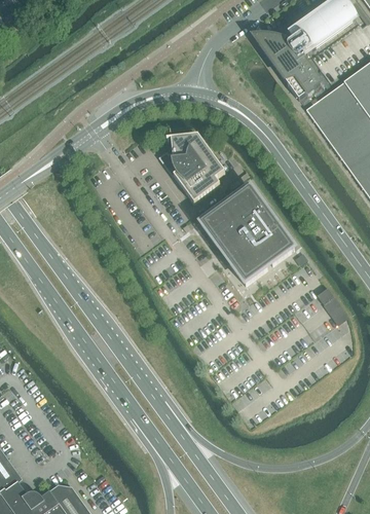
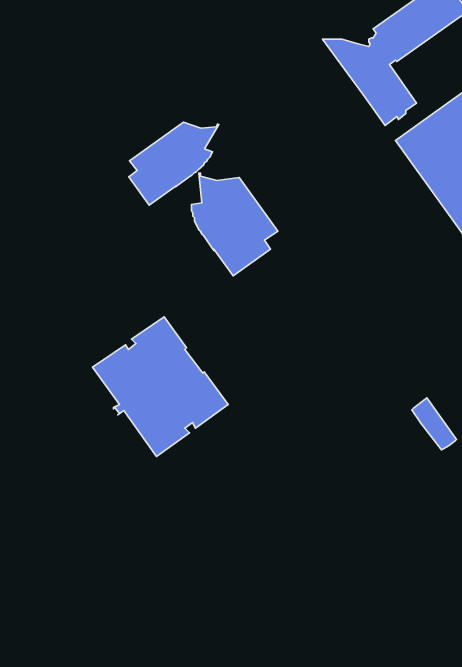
building: none -> [129,122,219,205]
building: [200,188,294,285] -> [93,317,228,457]

